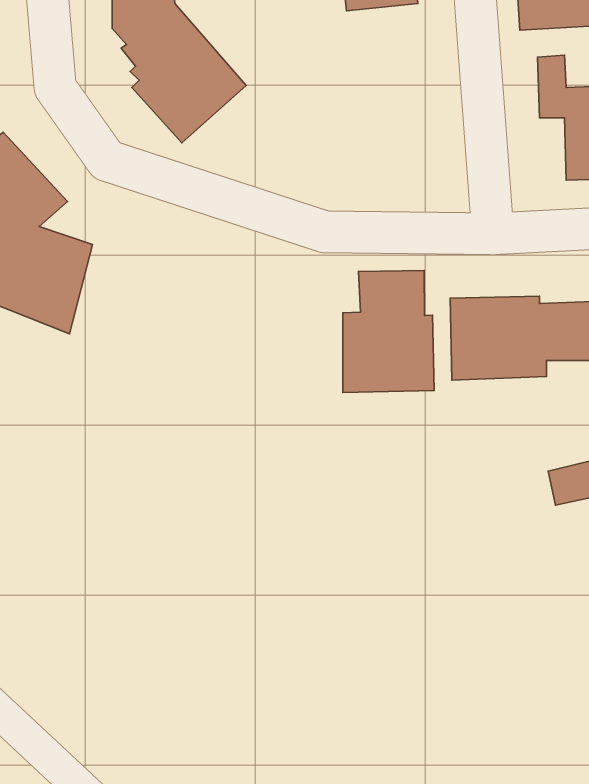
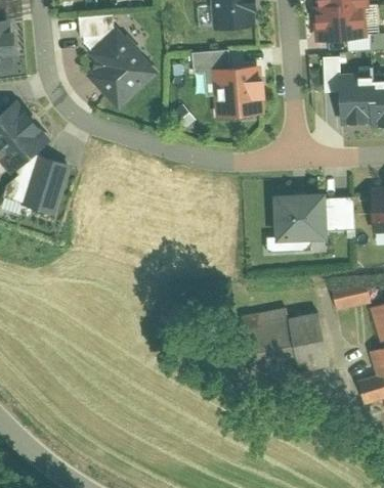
building: none -> [193,49,268,120]
building: [343,270,434,393] -> none
building: none -> [242,310,329,384]

